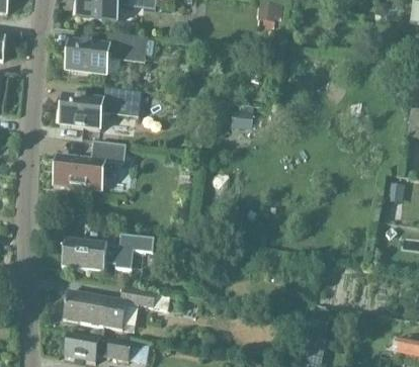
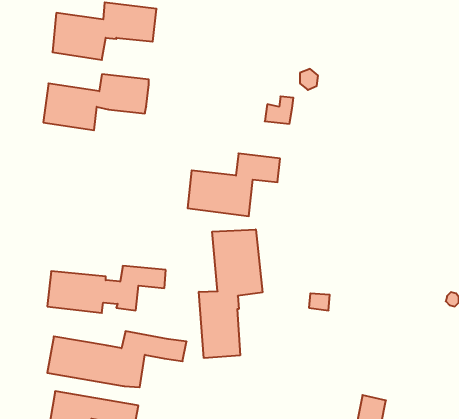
building: [54,142,125,190] -> [188,153,280,216]
building: none -> [199,229,262,358]

